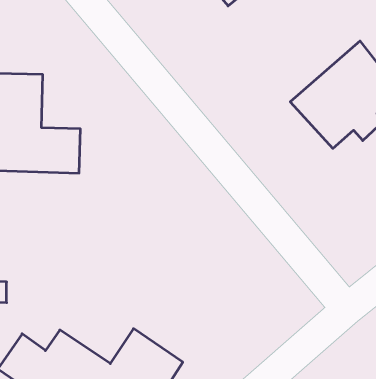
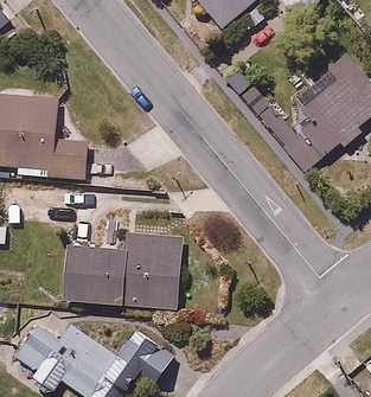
building: none -> [56,233,183,315]

